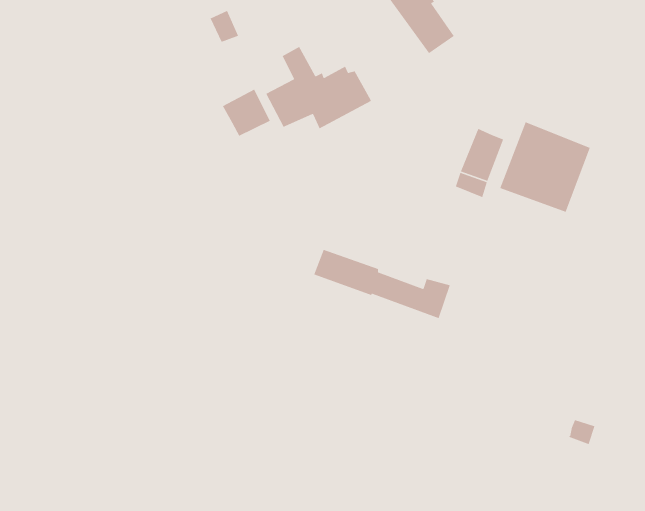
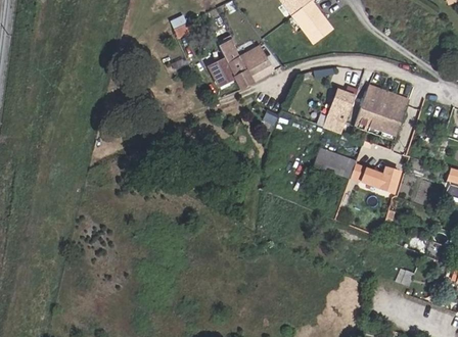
building: [222,88,271,137] -> none
building: [313,249,451,319] -> [316,148,402,192]

